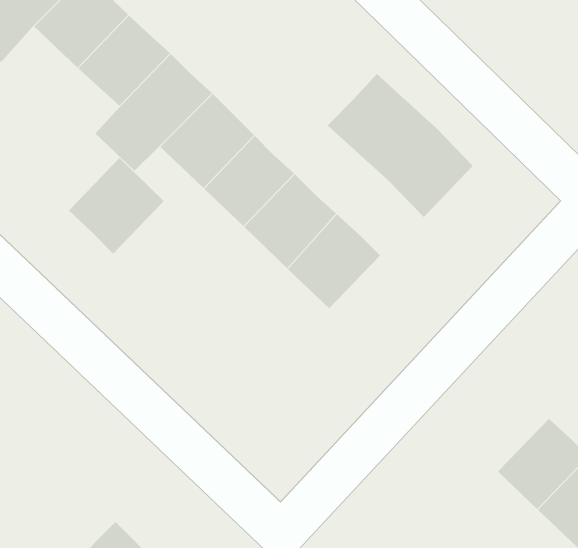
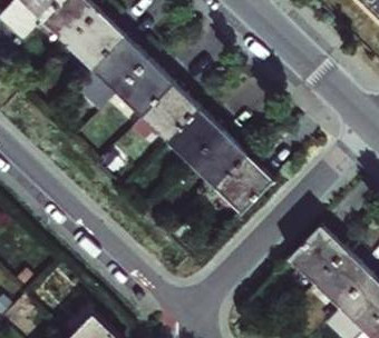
building: [327,73,474,218] -> none
building: [68,157,165,255] -> none
building: none -> [216,158,270,212]
building: none -> [290,229,344,284]

